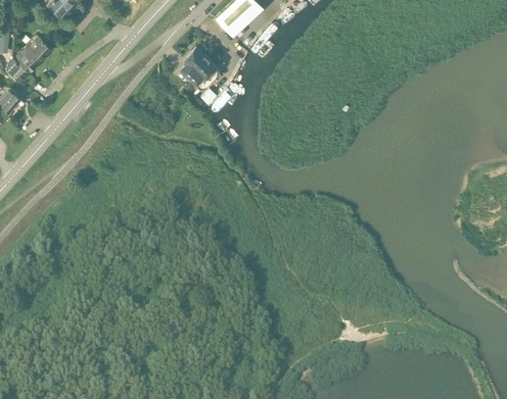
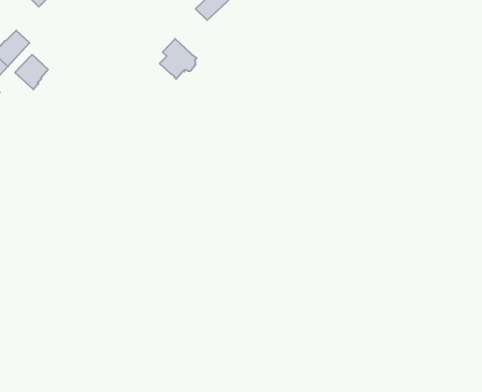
building: none -> [15,55,48,90]

